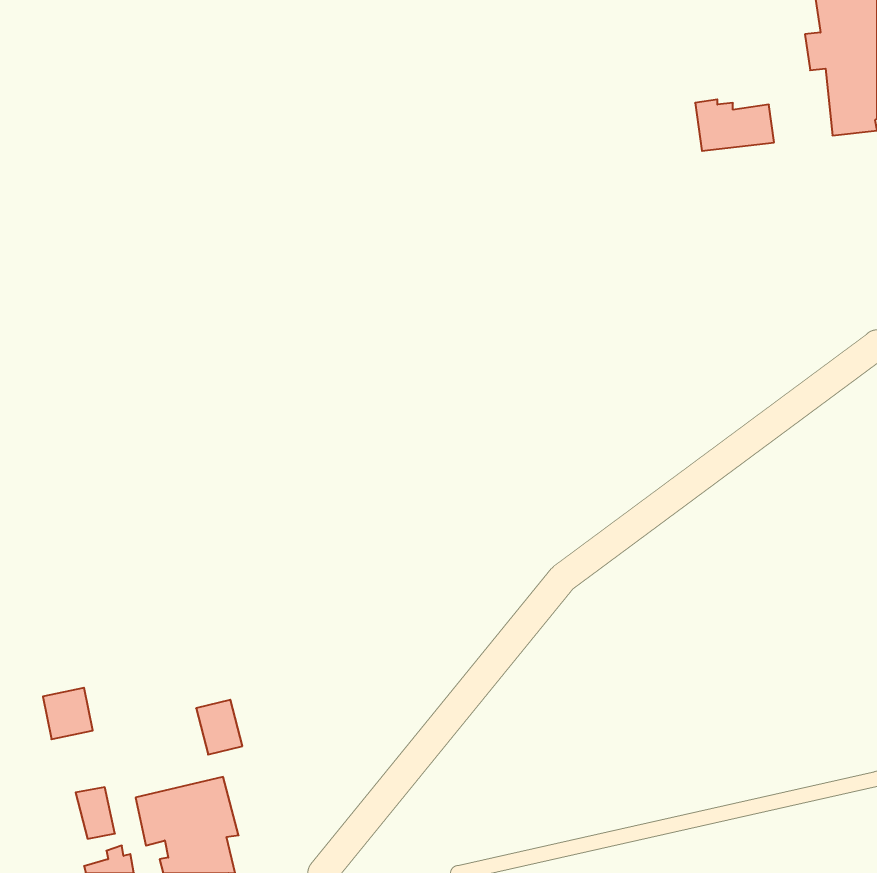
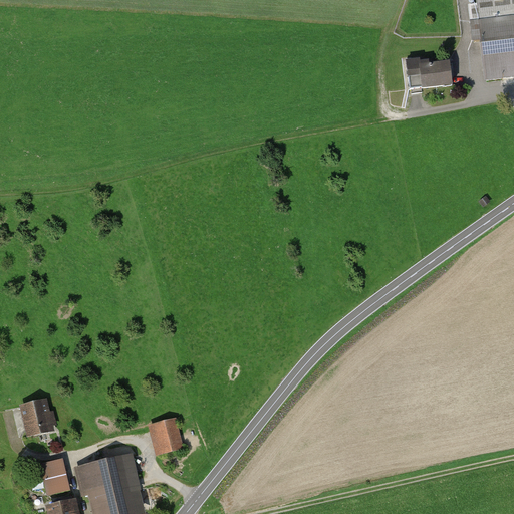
building: [196,700,242,755] -> [156,420,183,452]

